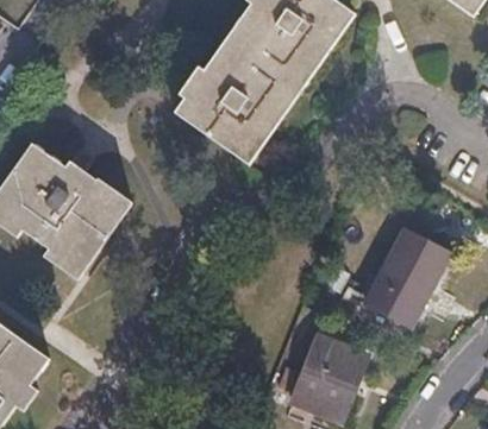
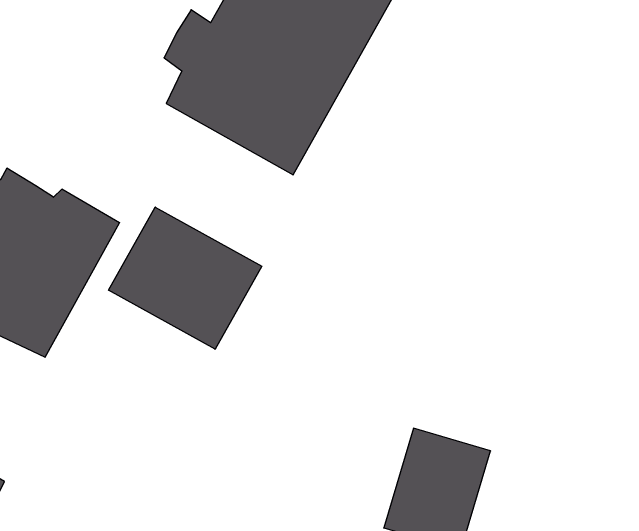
building: none -> [109,207,262,349]
building: [363,239,446,336] -> none

